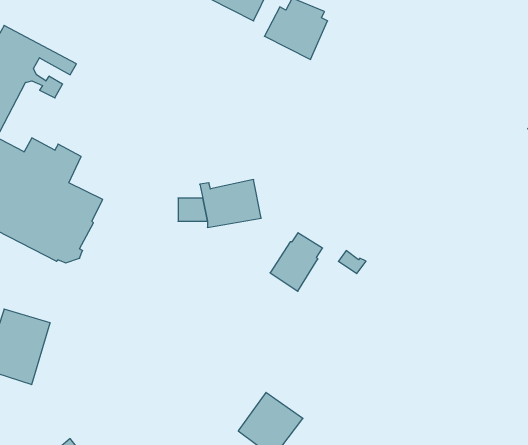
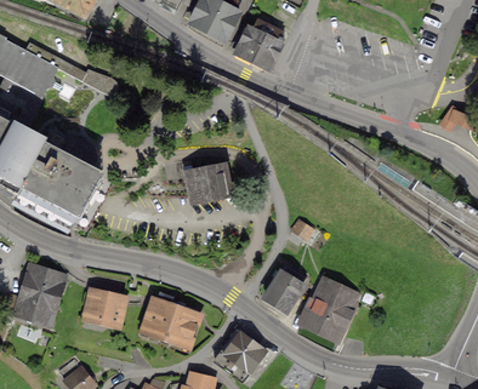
building: [270,233,323,291] -> [266,264,307,310]
building: none -> [302,278,359,337]
building: none -> [89,292,123,322]
building: none -> [147,302,197,343]

